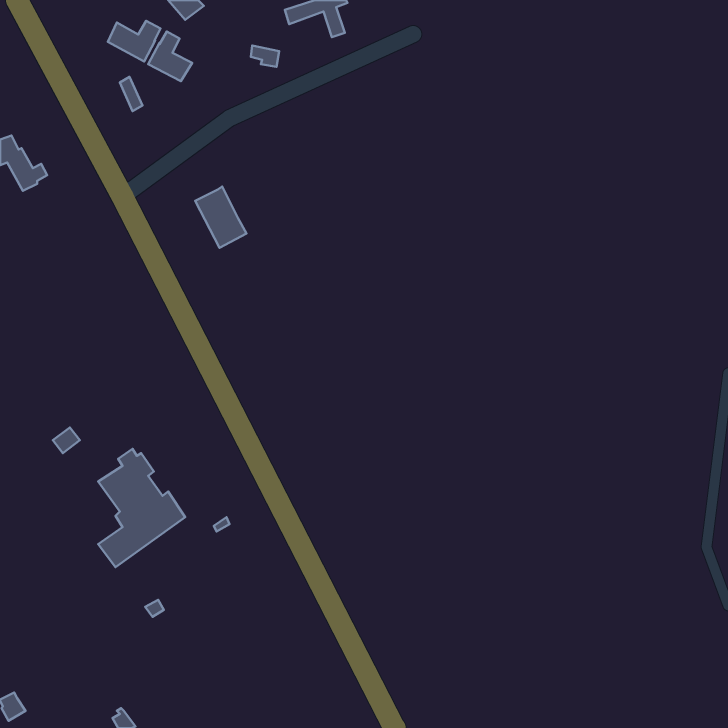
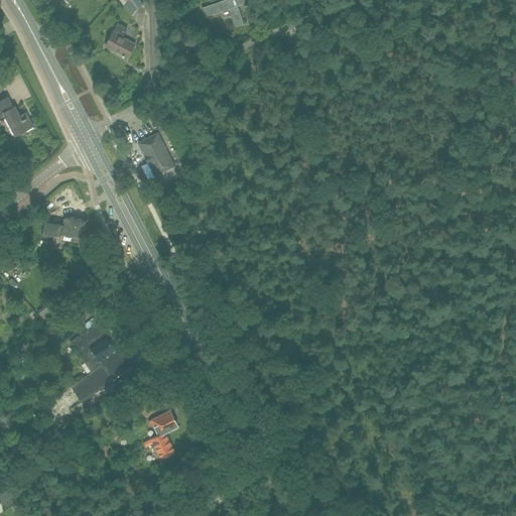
building: [108,21,161,62] -> none
building: none -> [42,216,86,237]
building: none -> [149,409,177,458]

